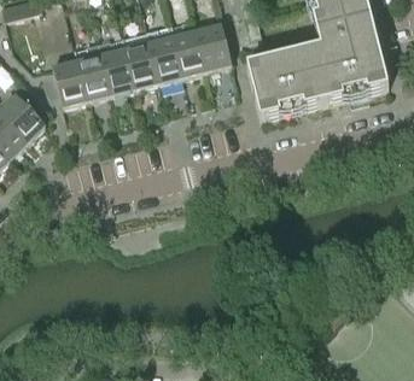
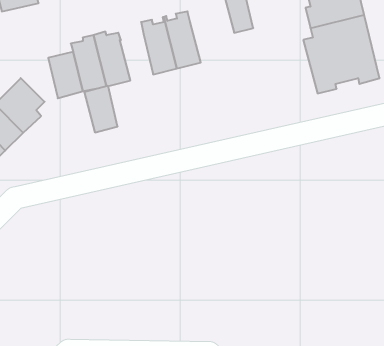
building: [196,24,232,71] -> none
building: [124,42,158,89] -> [84,86,118,132]
building: [246,48,325,119] -> none

